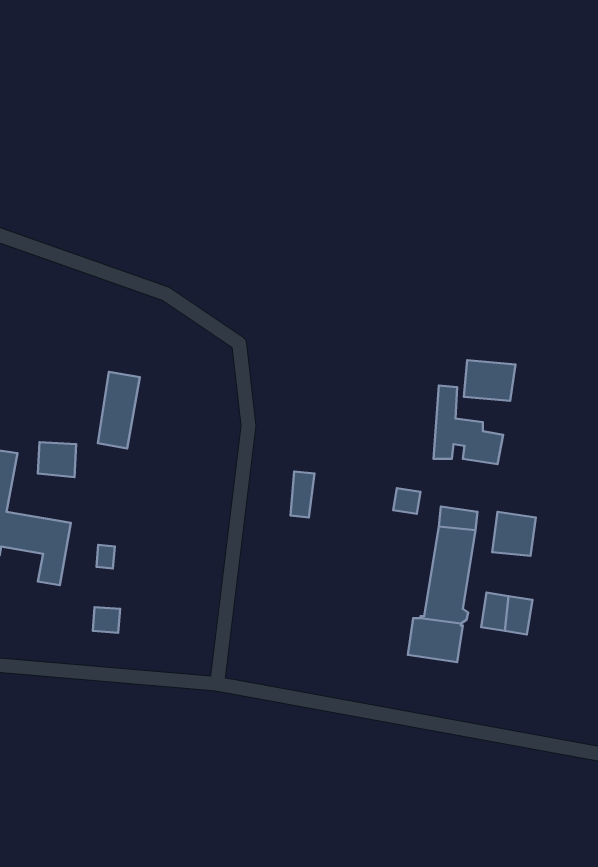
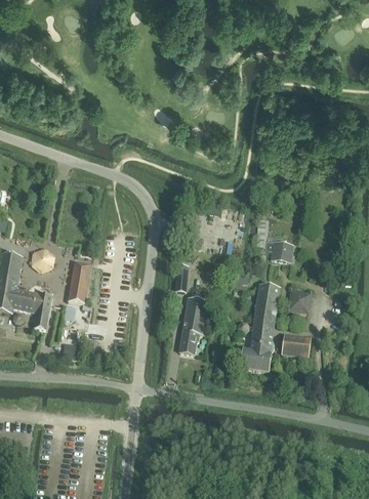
building: [464,360,516,401] -> none
building: [98,372,140,449] -> [68,260,91,303]
building: none -> [178,297,207,354]

